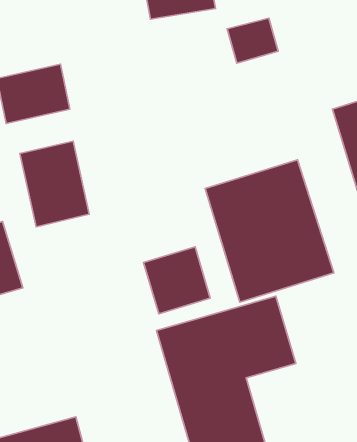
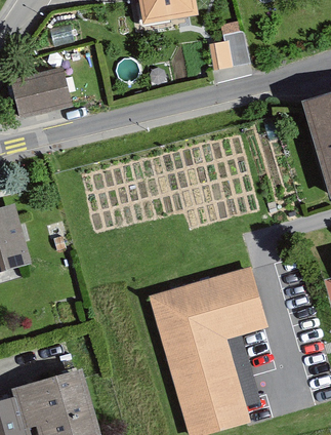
building: [20,141,89,227] -> none
building: [205,160,334,302] -> none
building: [144,247,210,314] -> none

